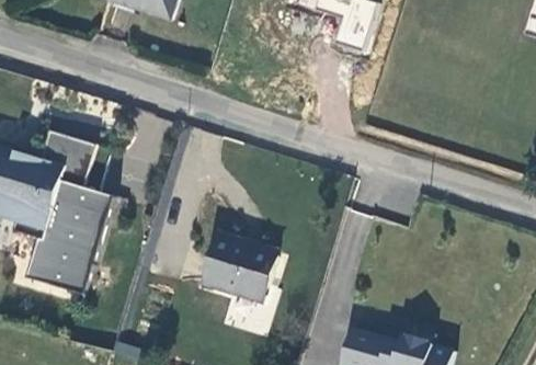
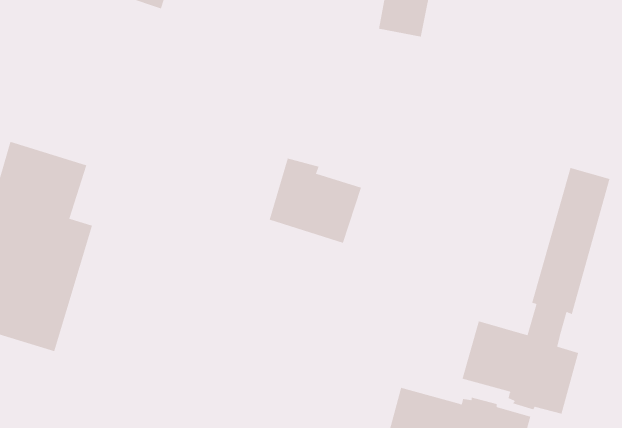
building: none -> [462,167,610,414]
building: [201,235,273,301] -> [269,158,362,244]

